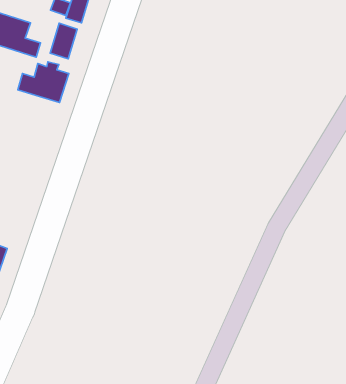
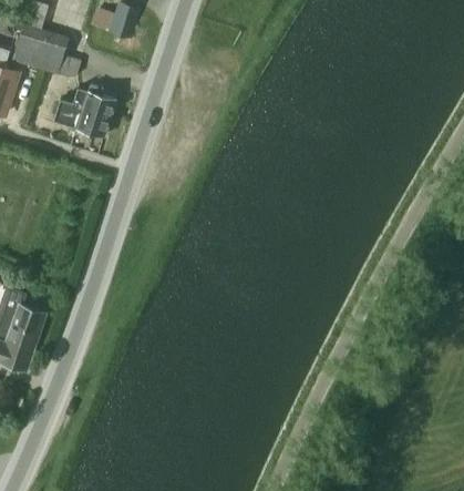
building: [50,23,77,59] -> none

